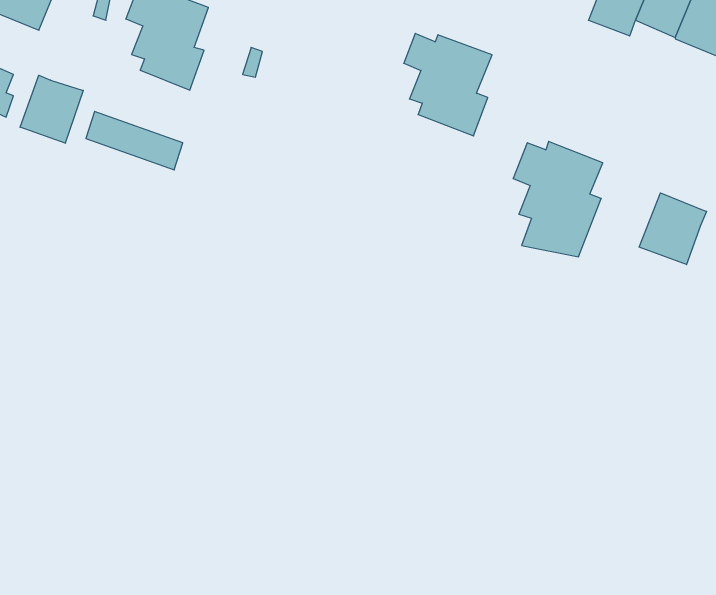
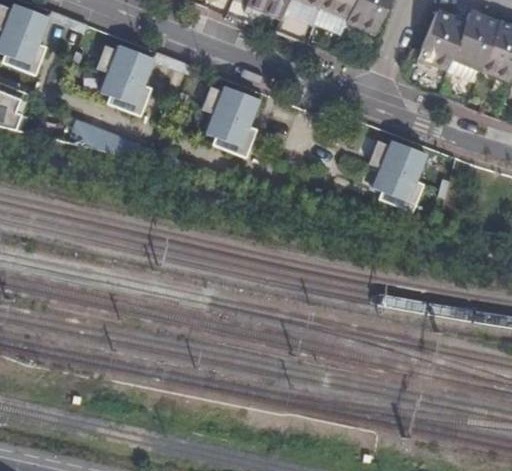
building: [404,33,492,136] -> [200,76,262,148]
building: [20,75,83,143] -> none
building: [639,193,707,265] -> none

